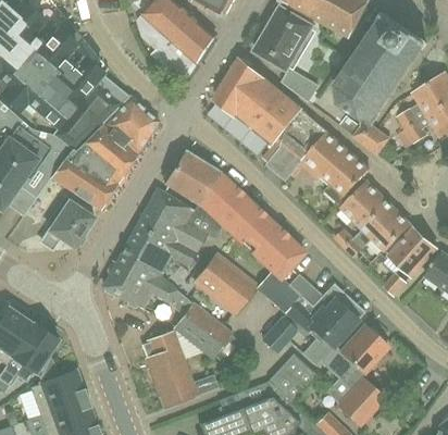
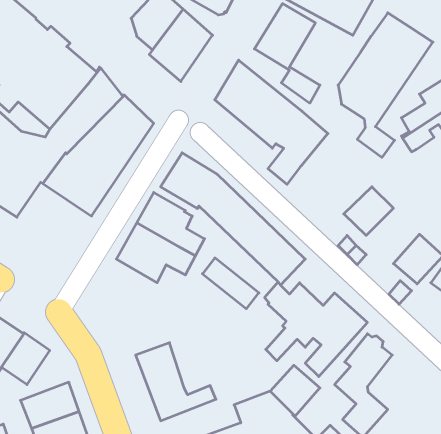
building: [300,130,370,202] -> none
building: [41,198,94,248] -> none
building: [363,202,411,250] -> none
building: [103,251,232,357] -> none
building: [192,265,248,315] -> none

